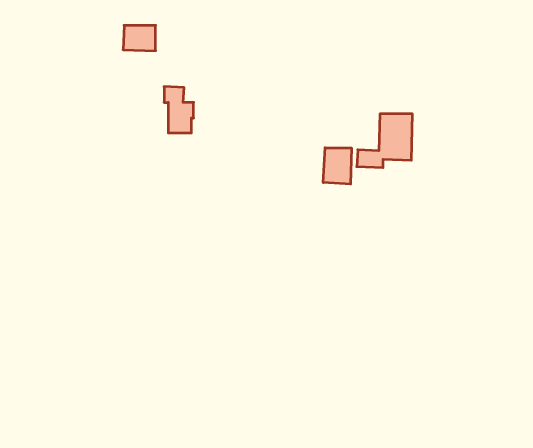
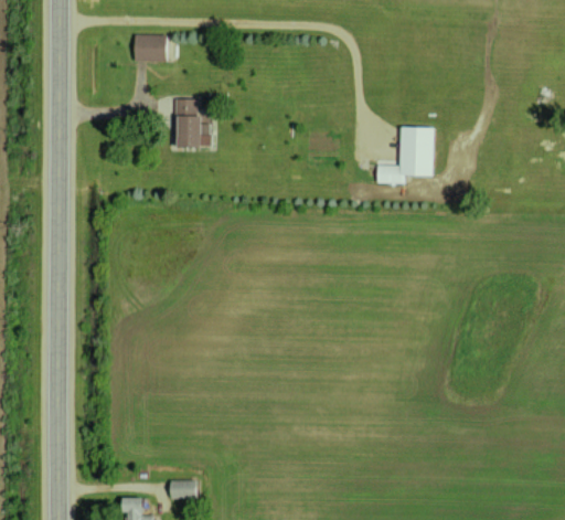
building: [323,148,351,184] -> none

